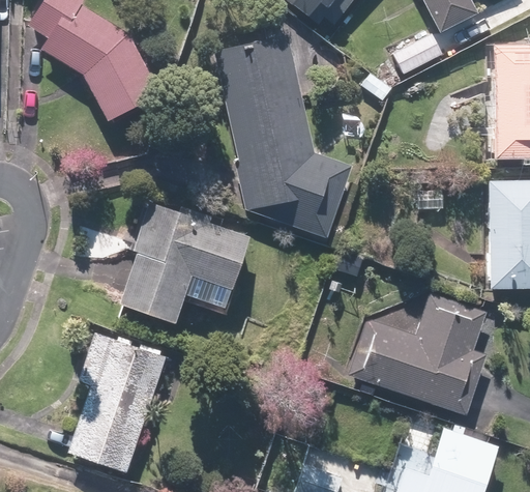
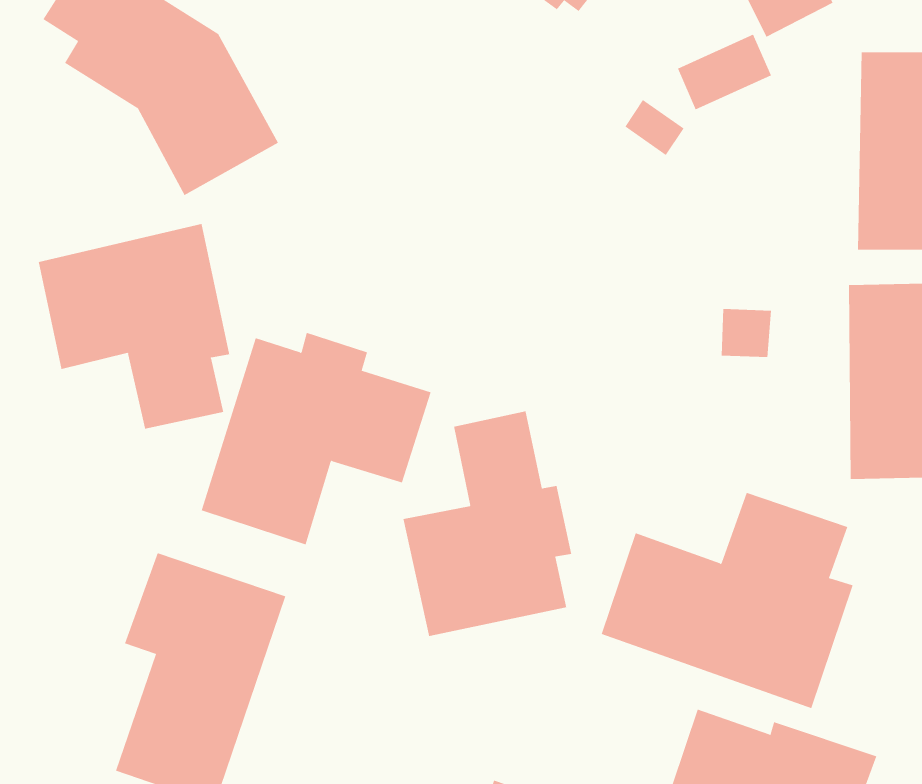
building: [210,34,355,240] -> none
building: none -> [38,223,230,429]
building: none -> [403,411,572,637]

